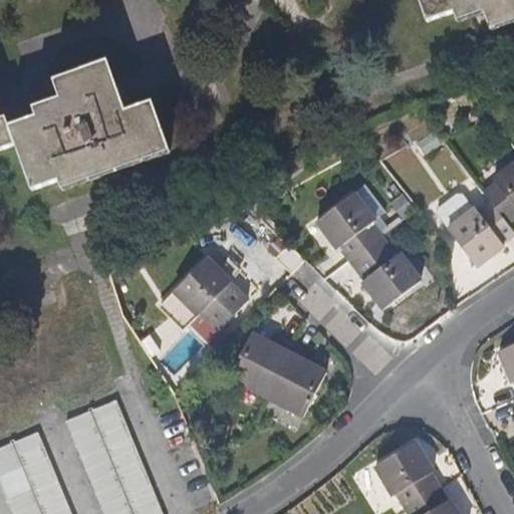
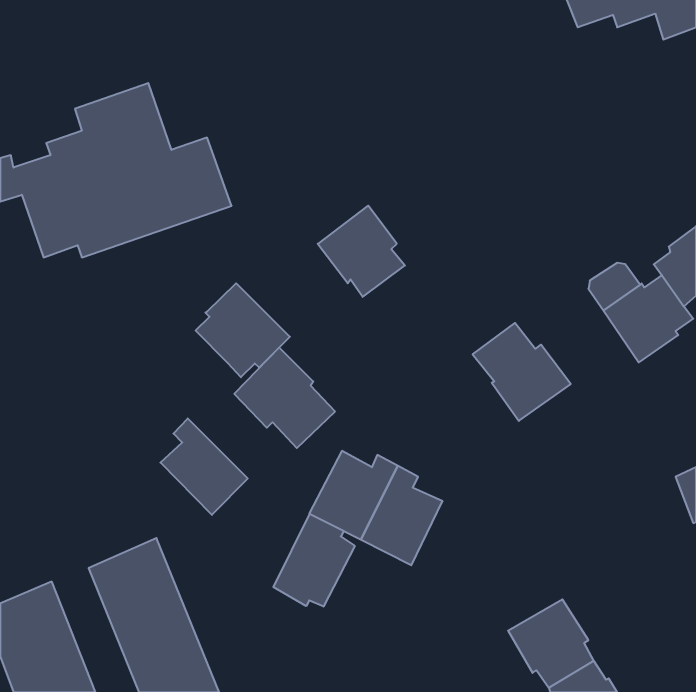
building: [315,194,379,261] -> [318,206,405,297]
building: none -> [196,283,290,377]
building: none -> [160,418,248,515]
building: none -> [273,514,355,607]

